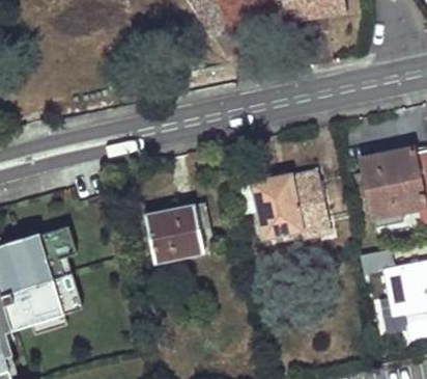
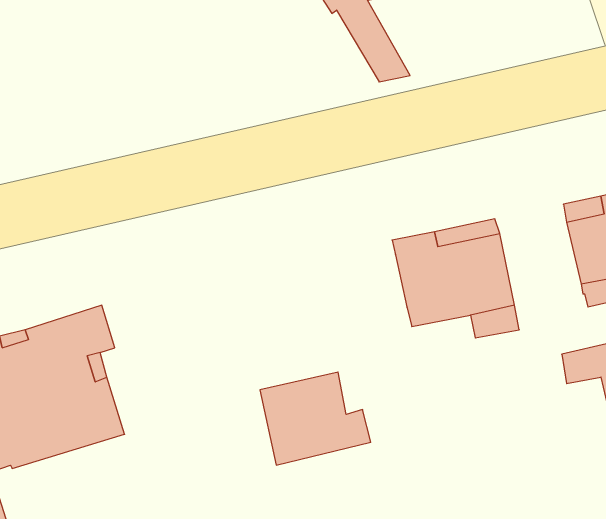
building: [145,205,216,264] -> [260,372,371,465]

